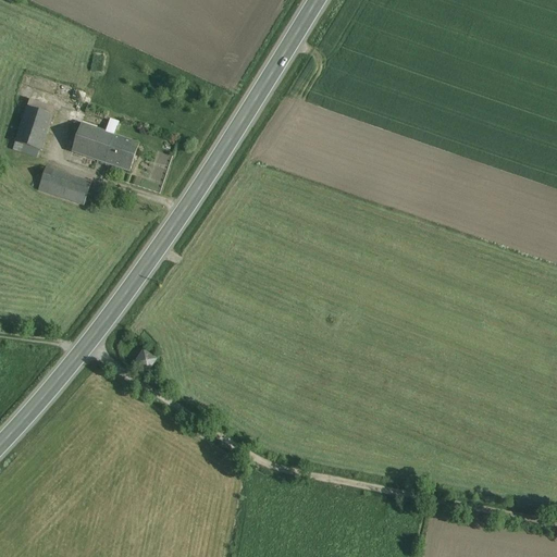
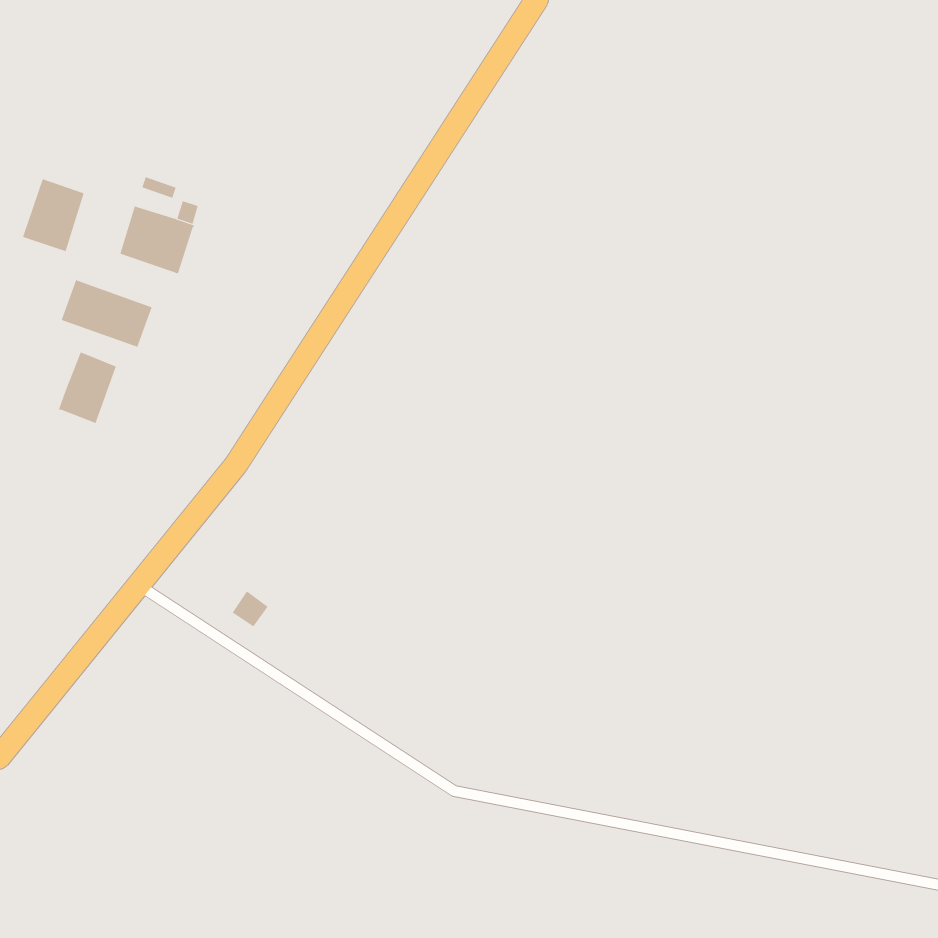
building: [106,135,138,170] -> none
building: none -> [59,351,117,424]

